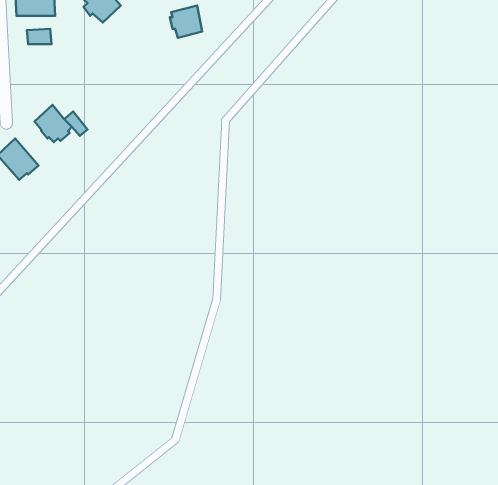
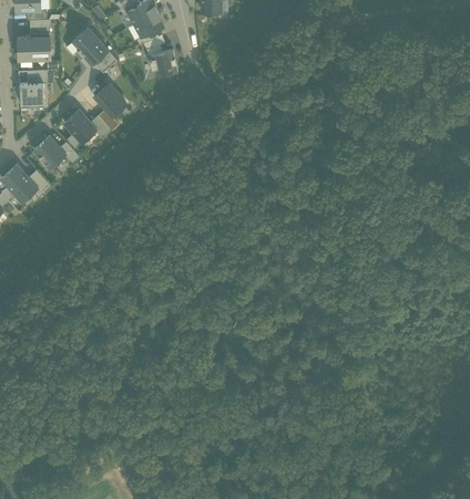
building: none -> [19,83,44,106]
building: none -> [93,83,124,116]
building: none -> [62,107,96,142]

